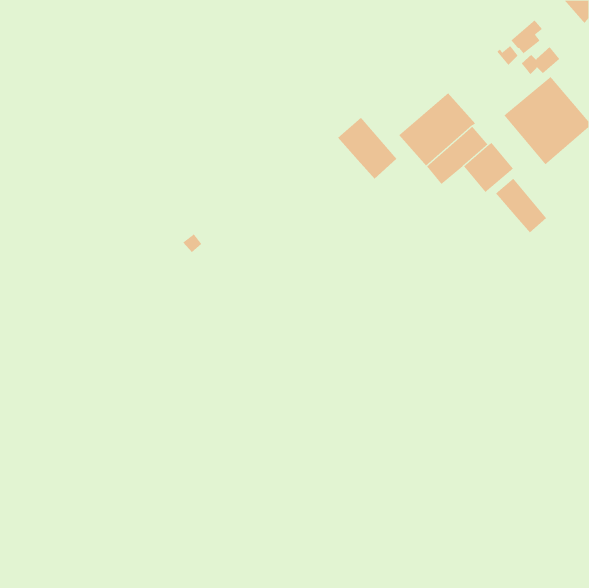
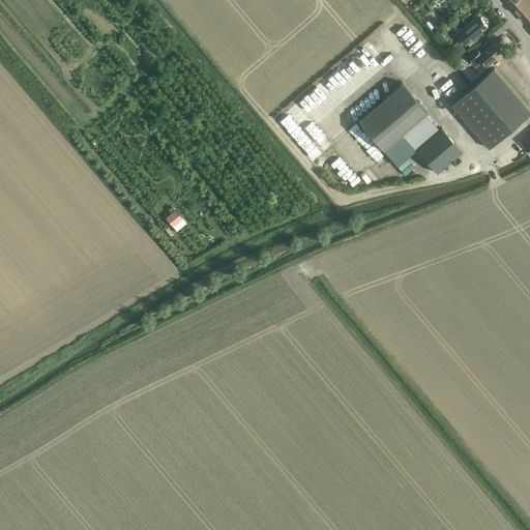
building: [337,117,397,179] -> none
building: [495,178,547,233] -> none

